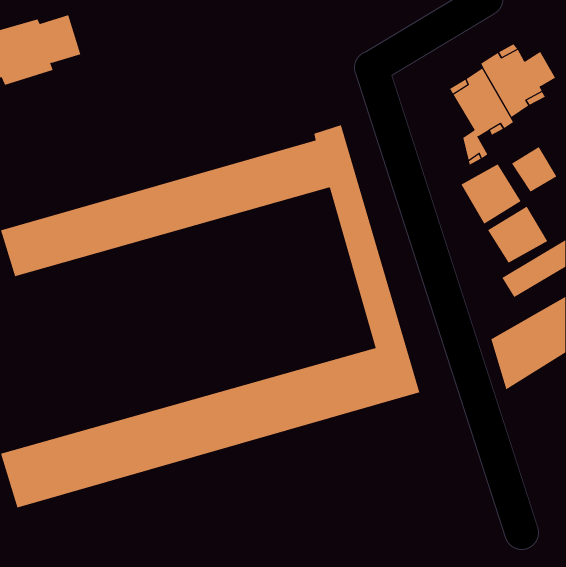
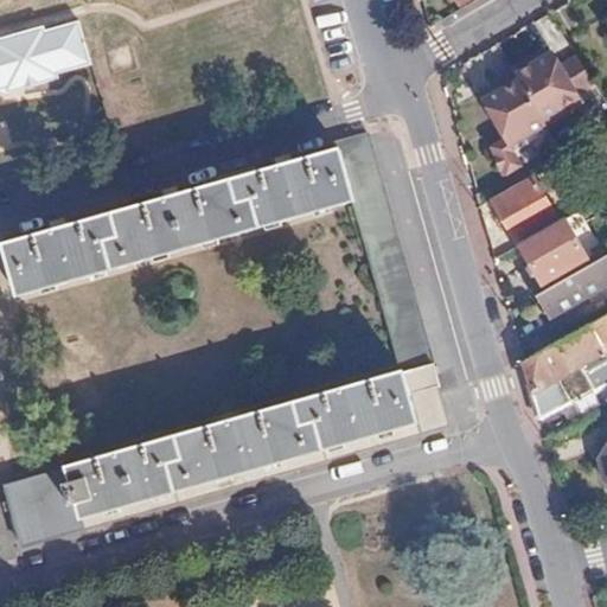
building: [511,146,557,192] -> none

